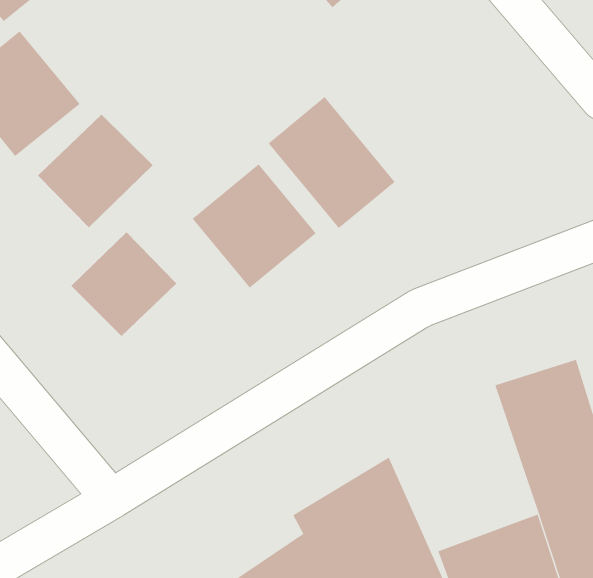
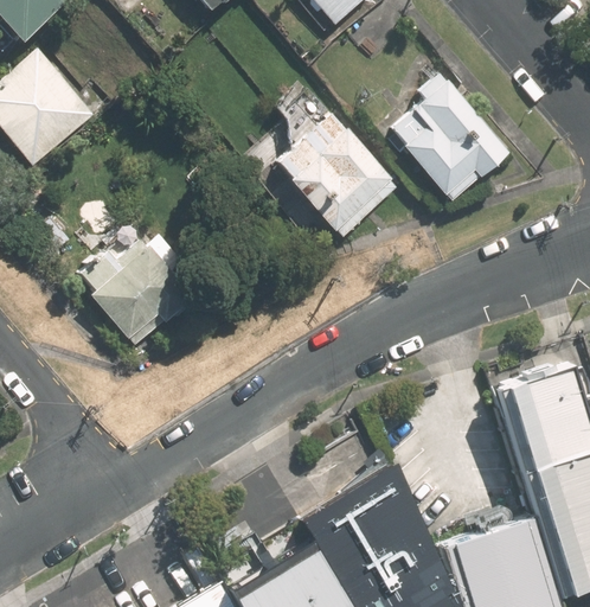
building: none -> [390,79,509,203]
building: [37,114,153,228] -> none
building: [192,163,316,289] -> none

